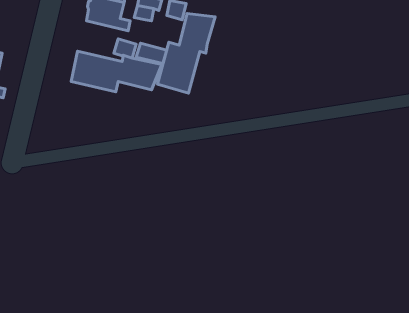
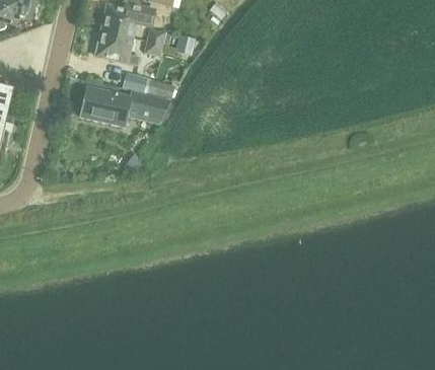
building: [158,14,215,93] -> none

